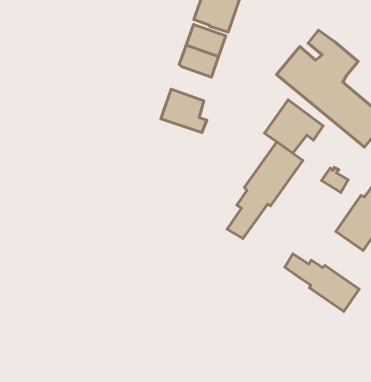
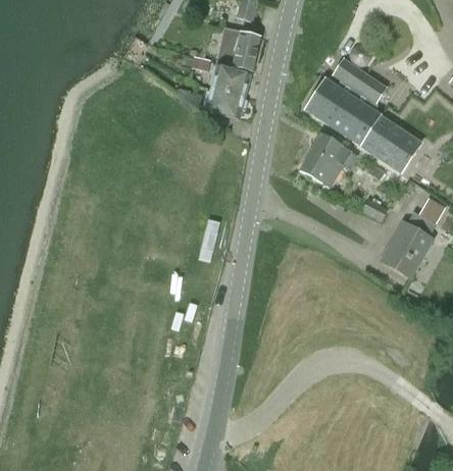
building: [161,89,207,133] -> none
building: [227,142,303,239] -> none
building: [285,254,359,311] -> none

